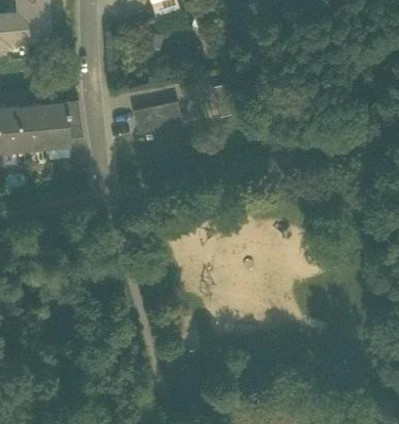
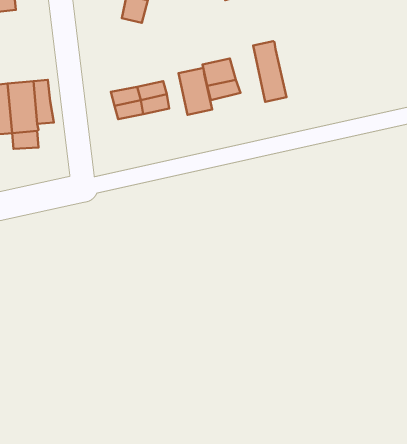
building: none -> [253,41,286,102]
building: none -> [178,68,212,115]

